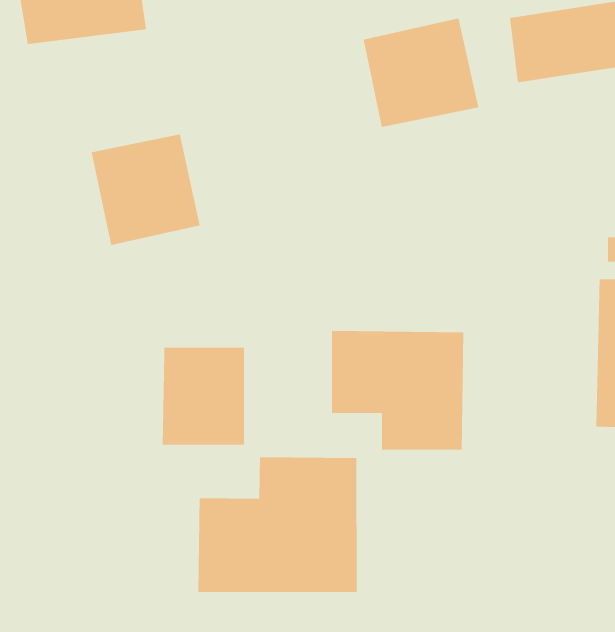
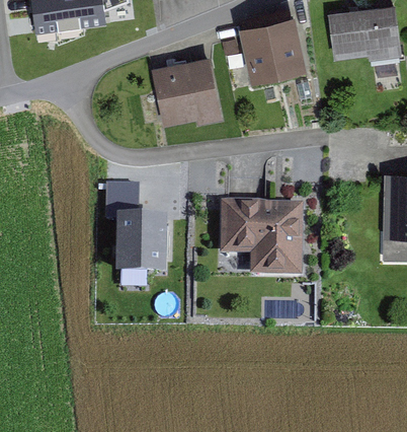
building: [91,134,200,245] -> [154,59,221,127]
building: none -> [105,185,140,221]
building: [198,456,357,593] -> none

